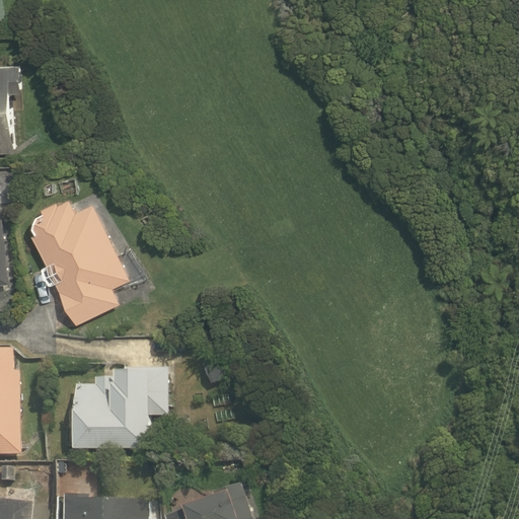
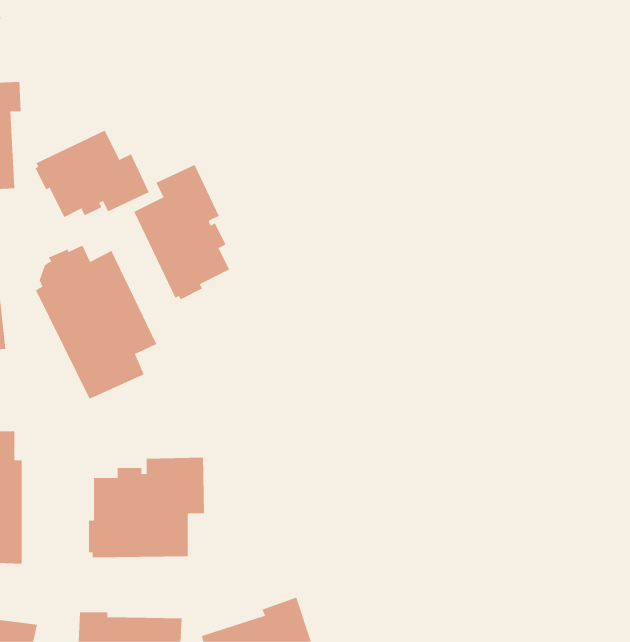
building: none -> [35,130,149,218]
building: none -> [134,164,230,300]

